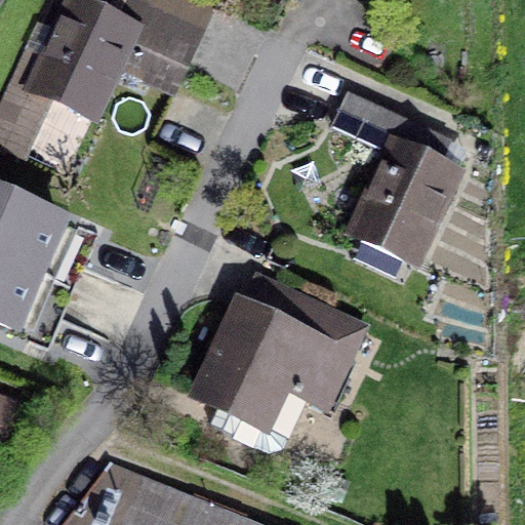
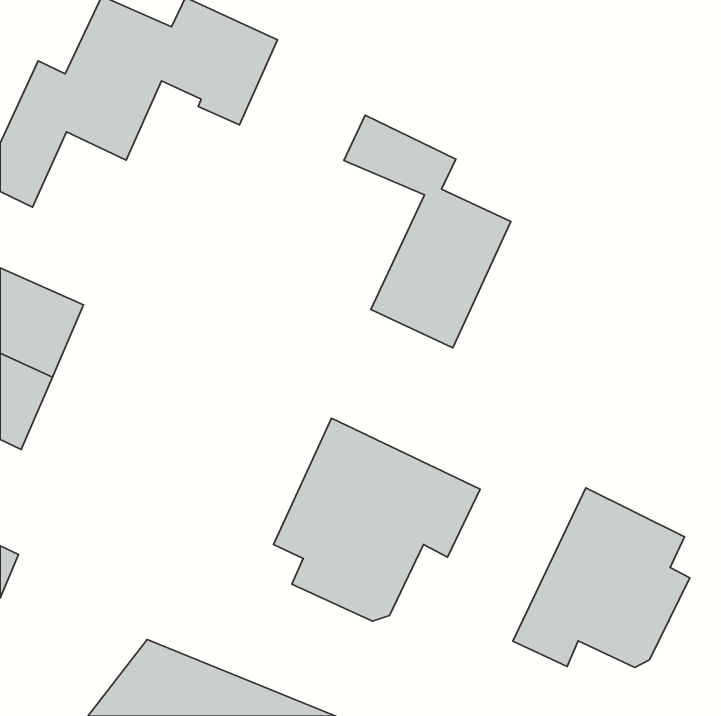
building: [335,92,456,260] -> [344,115,511,348]
building: none -> [513,488,690,668]

